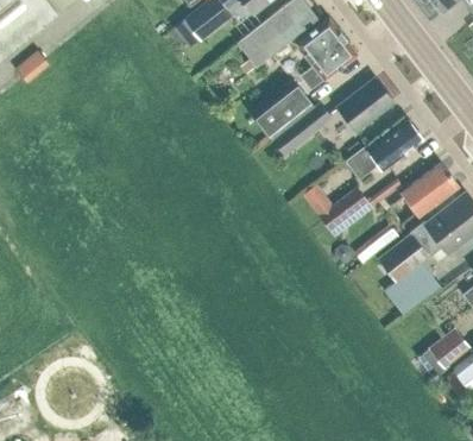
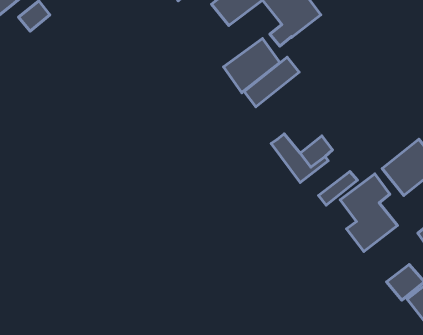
building: [338,77,393,131] -> none
building: [346,120,423,178] -> none
building: [401,163,459,216] -> none

